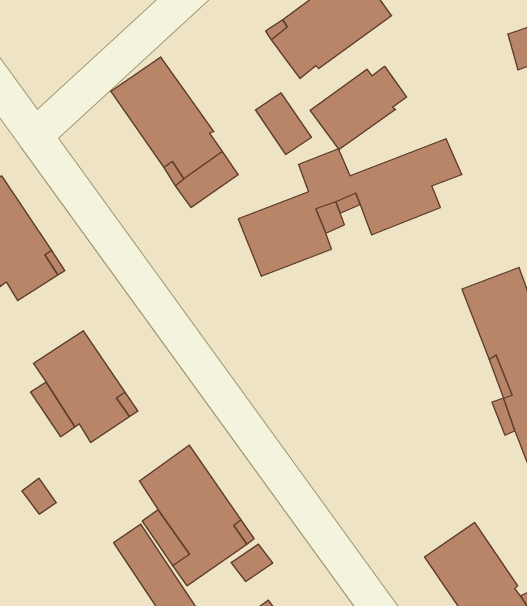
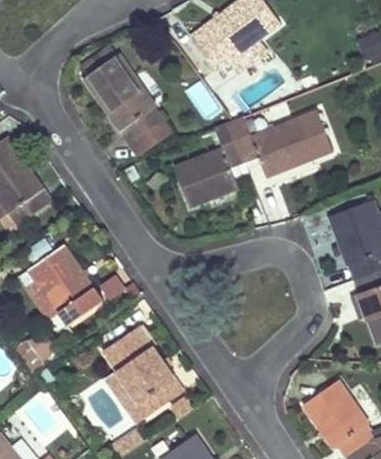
building: [310,66,407,150] -> none

